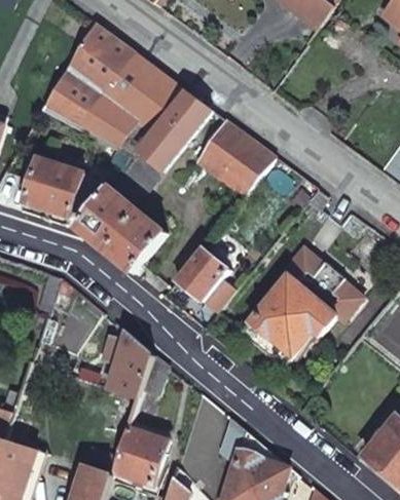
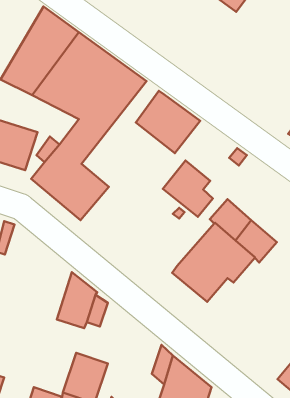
building: [175,245,233,311] -> [163,161,213,217]

